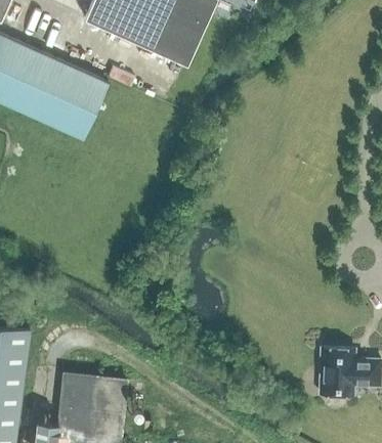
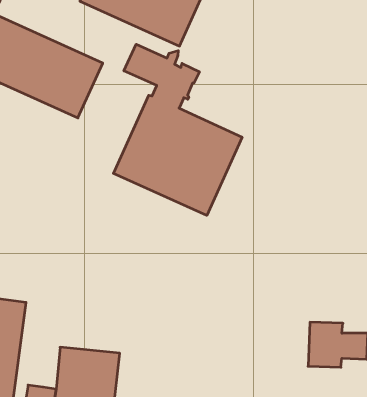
building: none -> [113,44,242,215]

